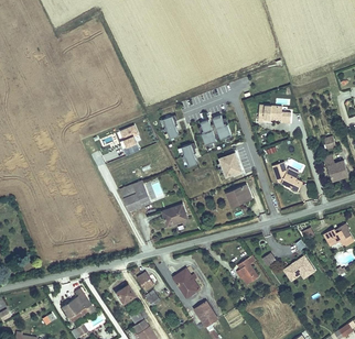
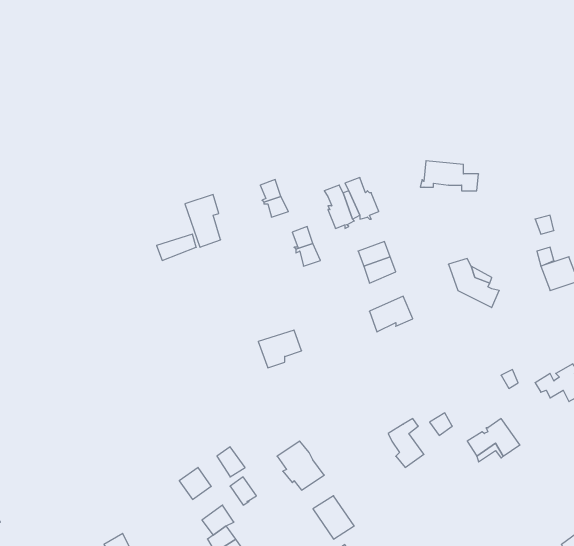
building: [120,179,150,210] -> none
building: [61,291,93,321] -> none

